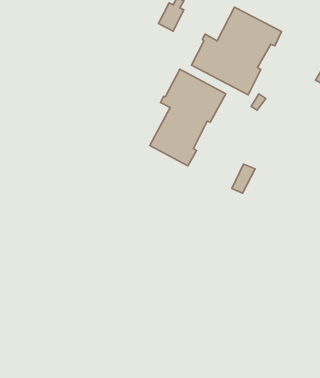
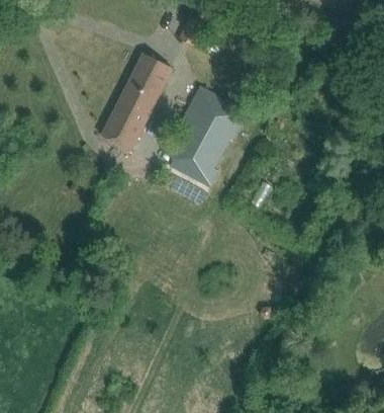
building: [191,7,282,95] -> none
building: none -> [101,54,170,151]

